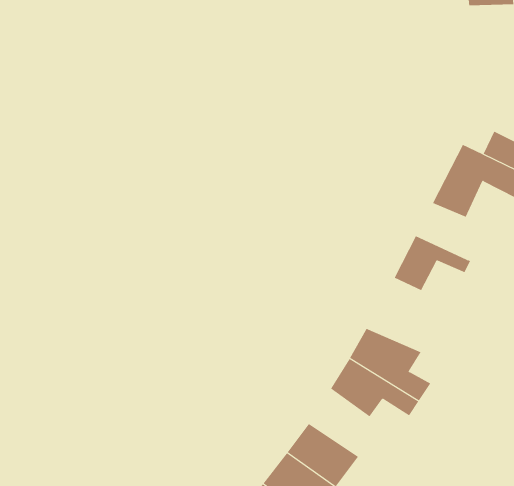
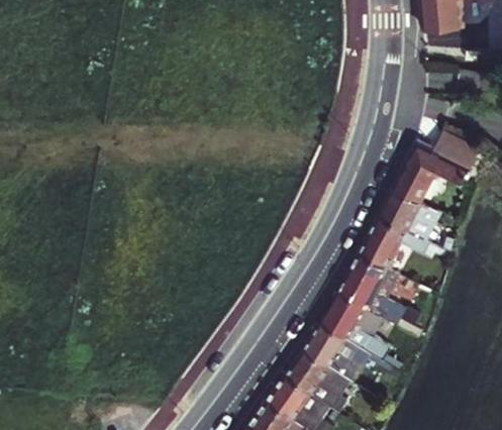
building: none -> [378,192,434,239]
building: none -> [336,254,423,331]
building: none -> [288,347,350,409]

